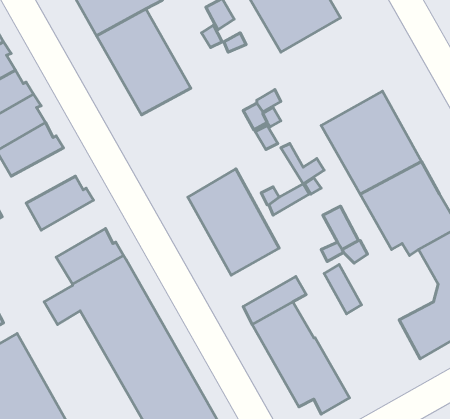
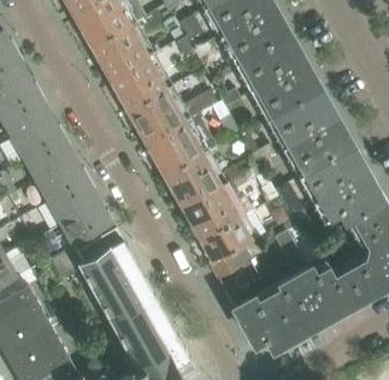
building: none -> [240,32,322,119]
building: none -> [128,89,216,177]
building: none -> [23,137,75,182]
building: none -> [47,179,99,225]
building: none -> [200,218,252,265]
building: none -> [267,257,352,338]

